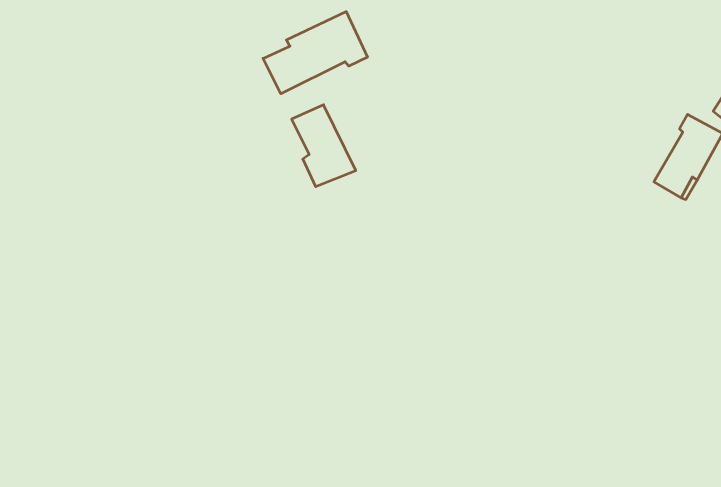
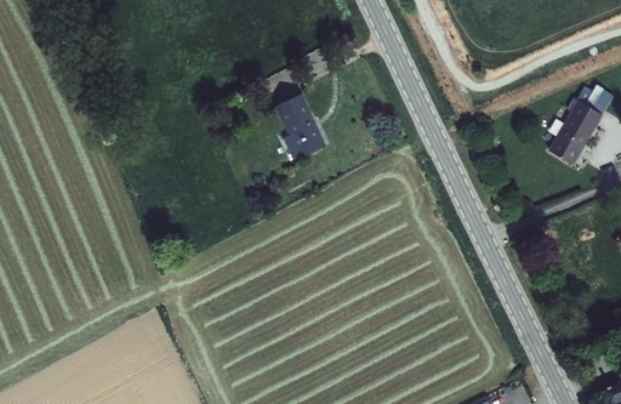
building: [263,12,367,94] -> none

